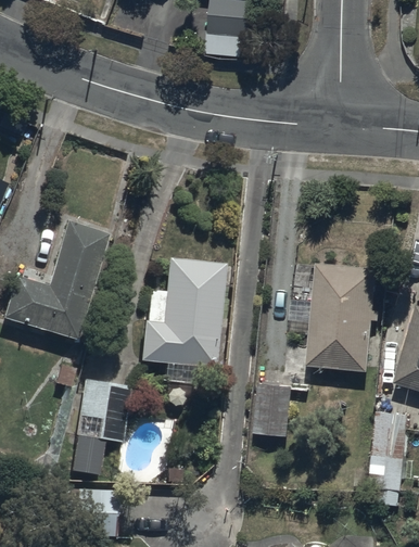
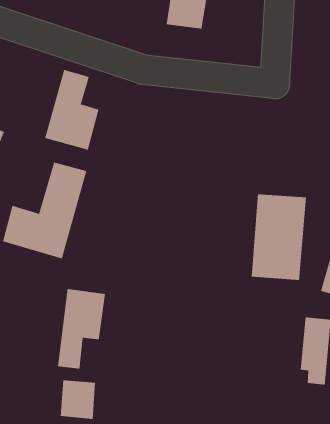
building: none -> [44,69,99,150]
building: [140,259,226,366] -> none
building: [253,383,292,435] -> none

